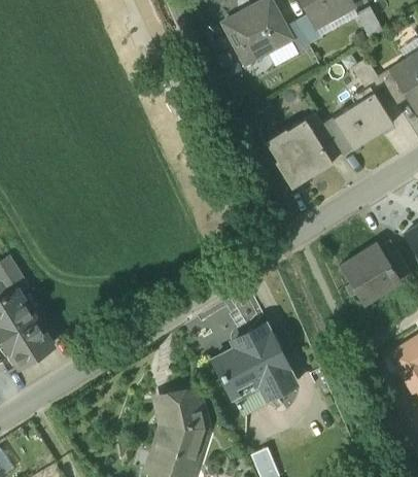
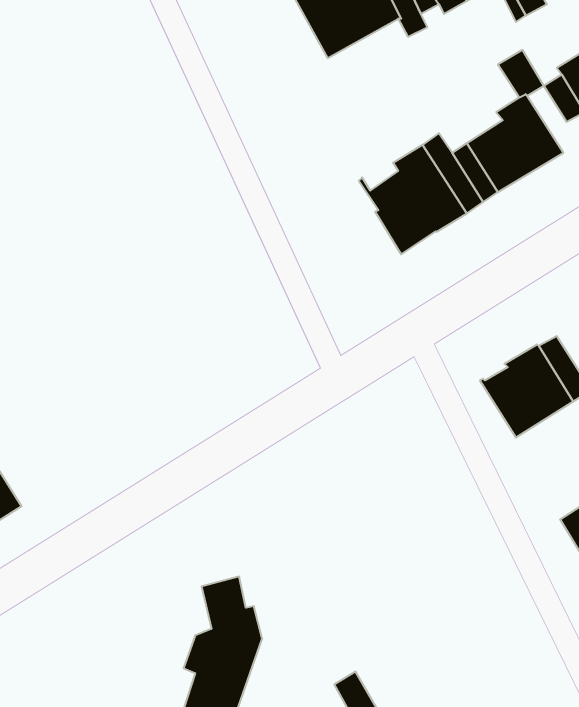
building: [214,323,295,417] -> none

